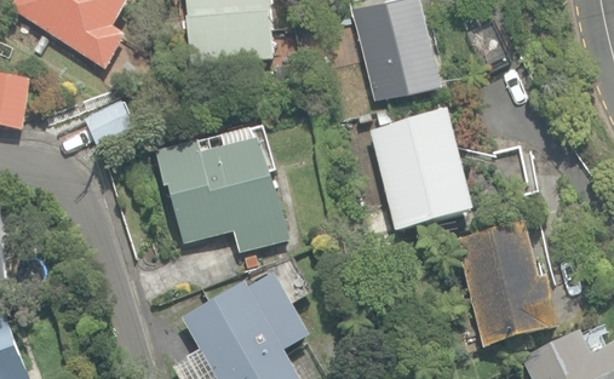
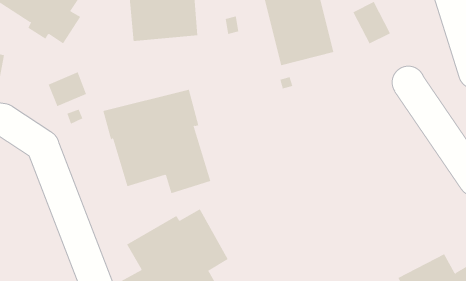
building: [367,111,528,234] -> none
building: [454,222,558,348] -> none

